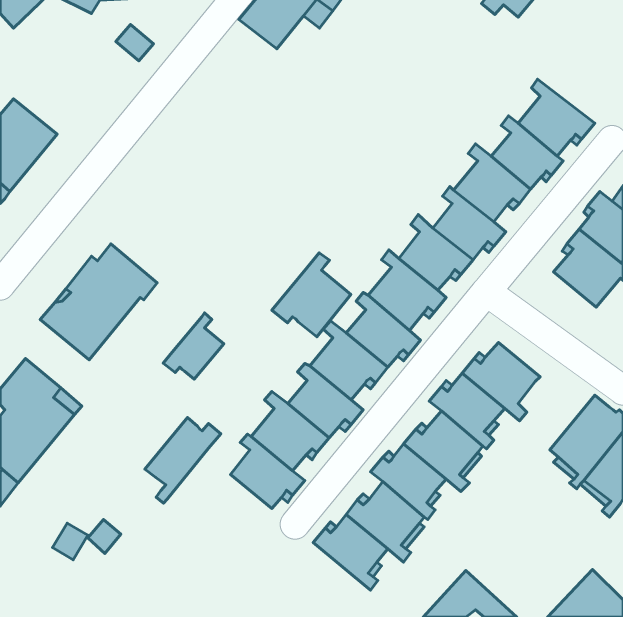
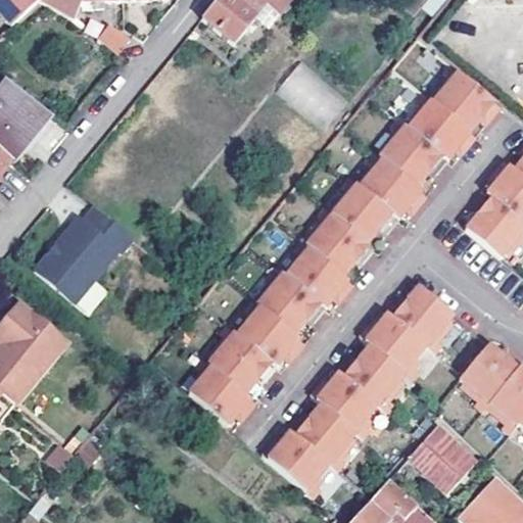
building: [272,253,351,337] -> none
building: [163,313,224,379] -> none
building: [145,418,221,503] -> none
building: none -> [409,422,478,494]

